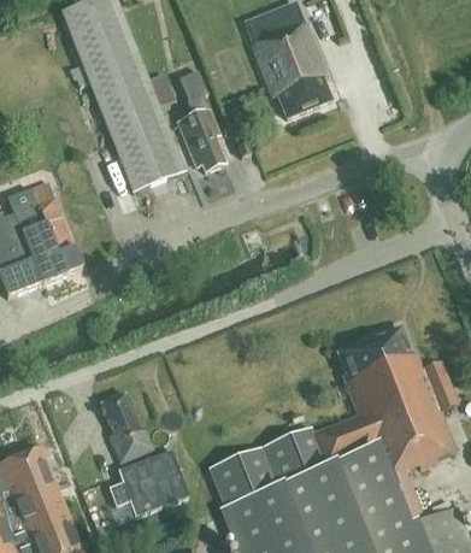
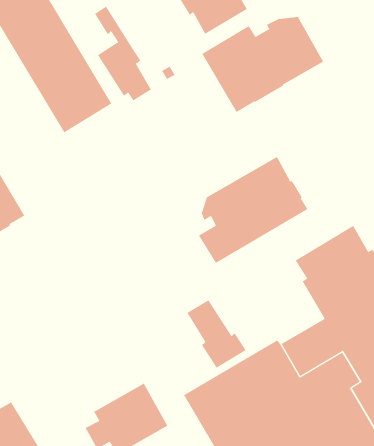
building: none -> [202,16,324,113]
building: none -> [198,156,308,264]
building: [100,393,153,461] -> [186,300,246,369]

